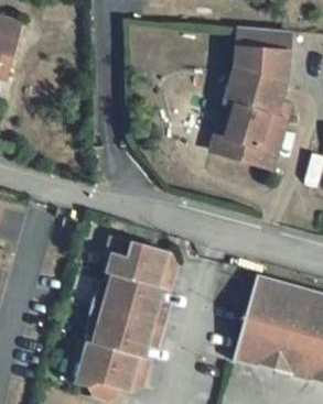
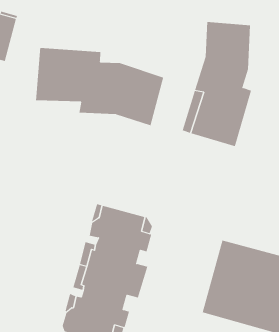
building: none -> [36,47,164,126]

